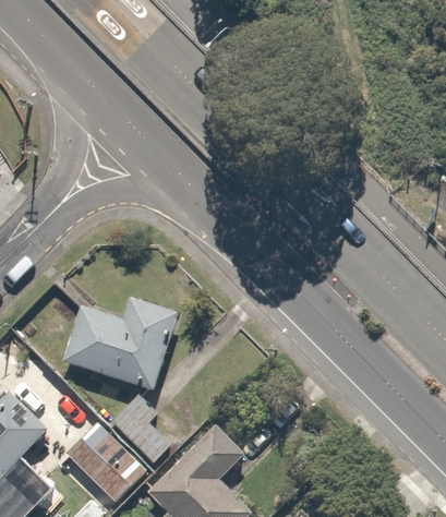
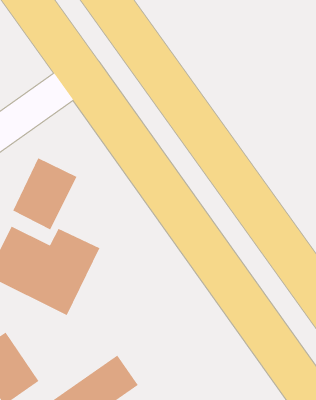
building: none -> [12,157,77,230]

